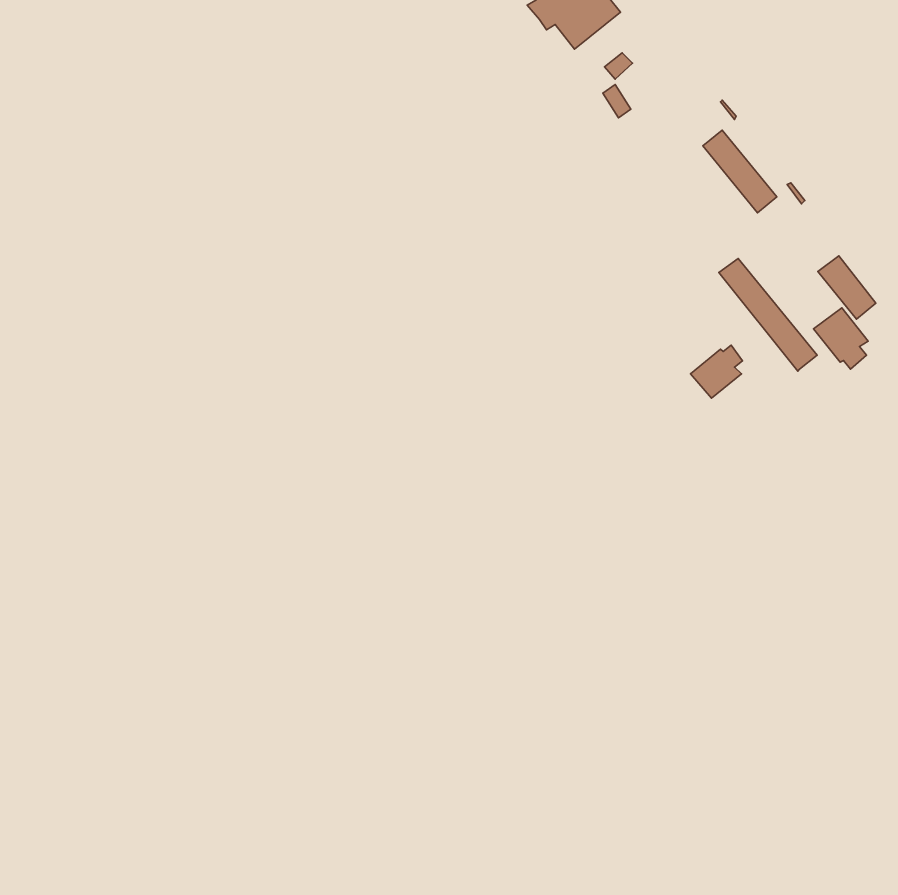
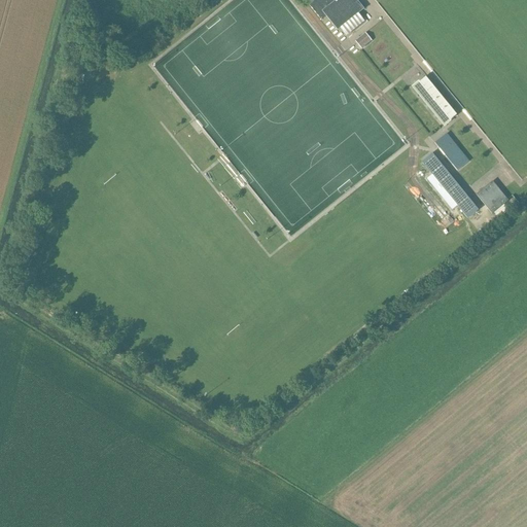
building: [818,256,876,319] -> [434,132,468,169]
building: [690,345,743,398] -> none

